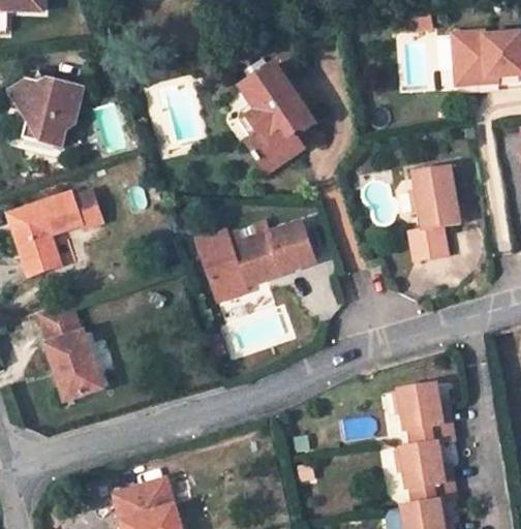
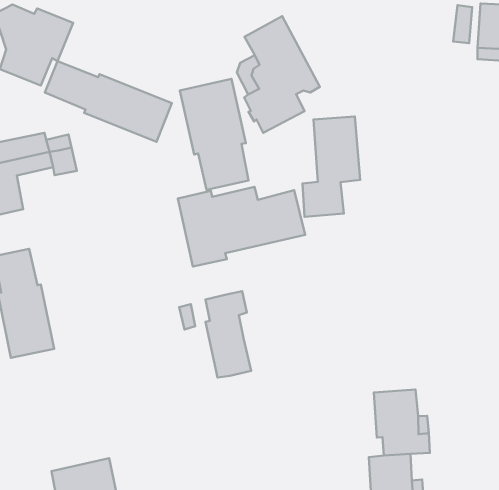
building: none -> [180,79,249,190]
building: none -> [45,61,172,142]
building: [408,165,460,261] -> [303,116,360,217]
building: none -> [205,291,251,377]

